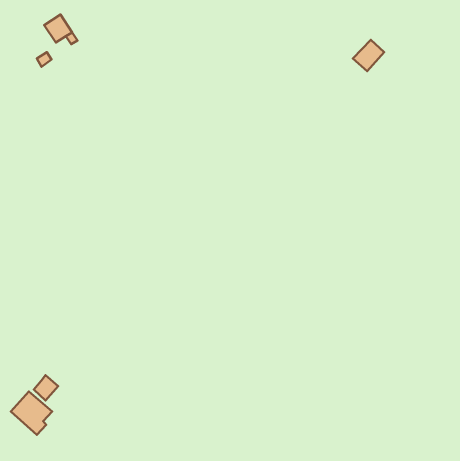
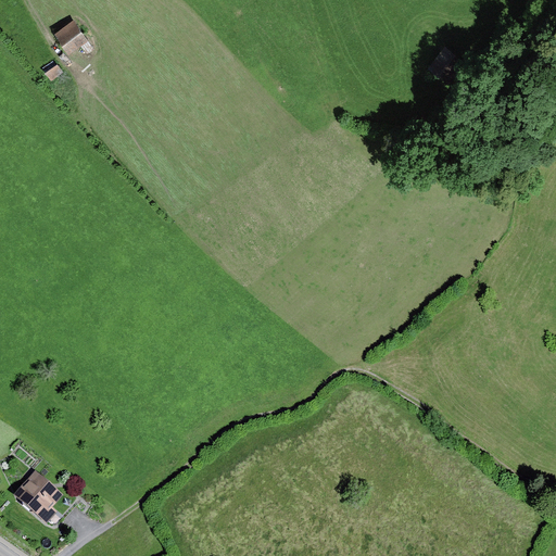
building: [34,375,58,400] -> none

